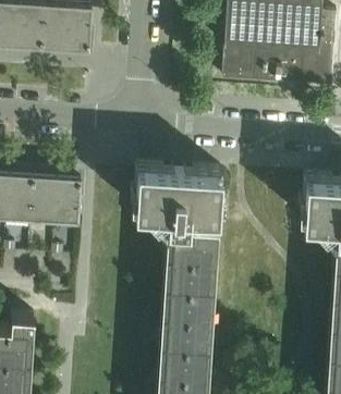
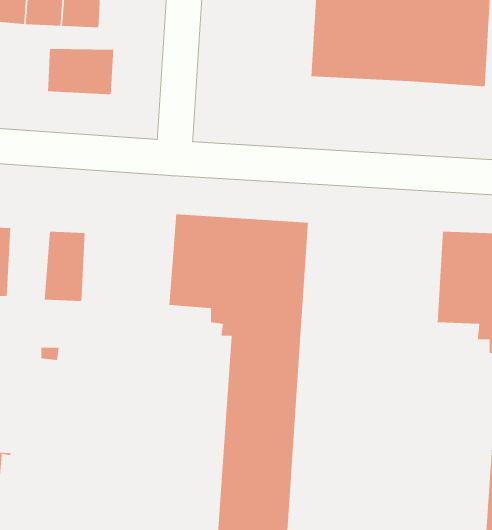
building: none -> [47,48,114,95]
building: [32,173,58,219] -> none

